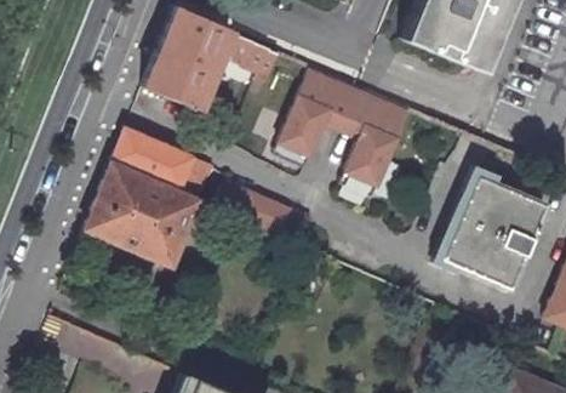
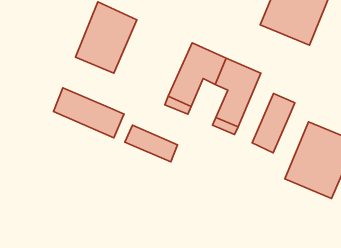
building: [231,35,281,82] -> none
building: none -> [252,93,295,153]
building: [87,164,202,266] -> none

